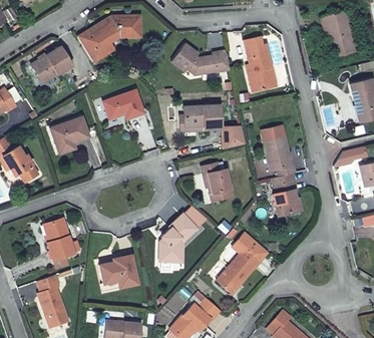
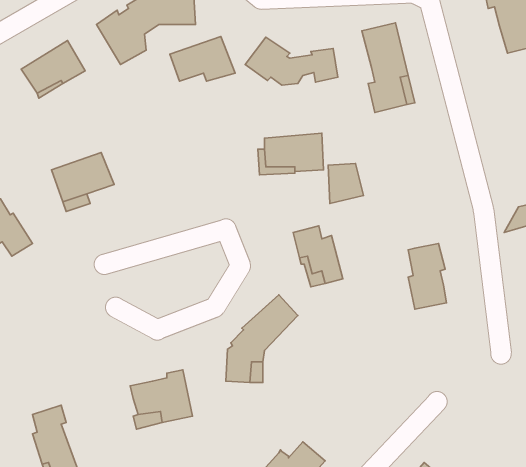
building: [103,90,144,118] -> [170,36,235,81]
building: [263,125,296,177] -> none
building: [44,218,73,259] -> none
building: [217,232,269,294] -> none

